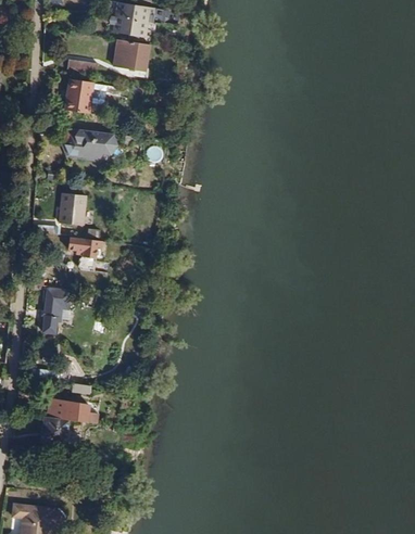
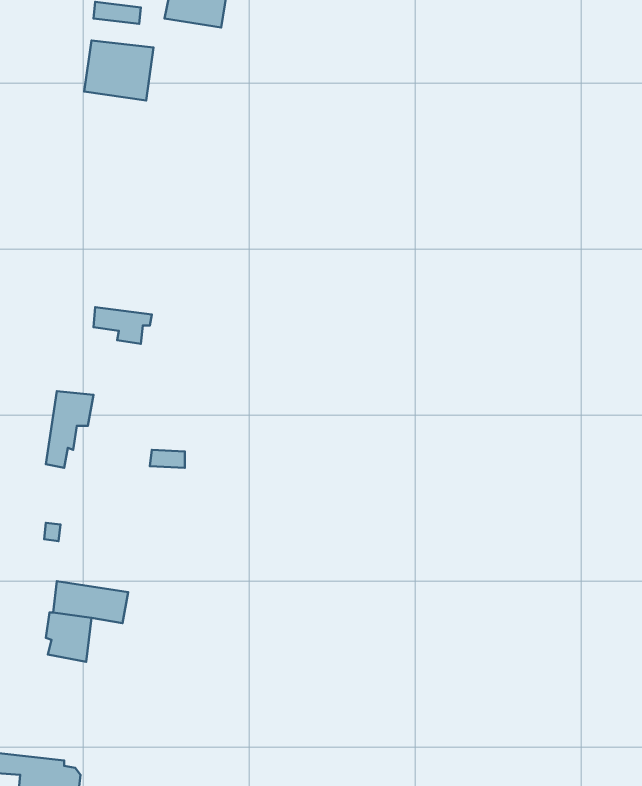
building: [61,135,118,162] -> none
building: [60,193,85,222] -> none

